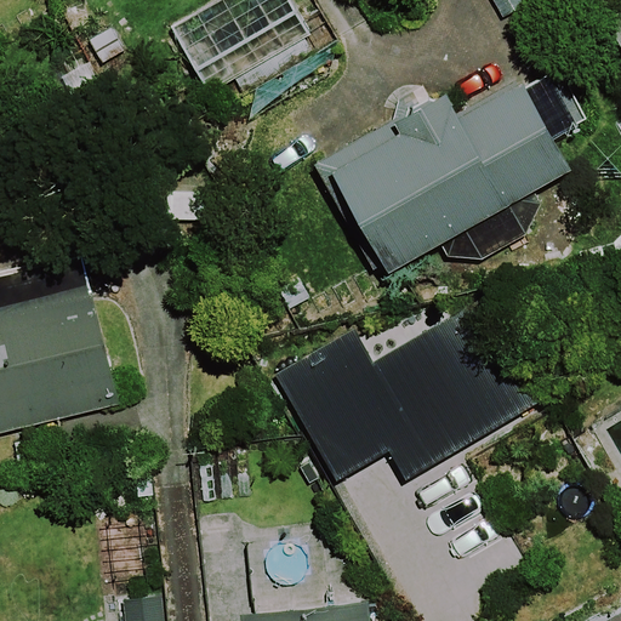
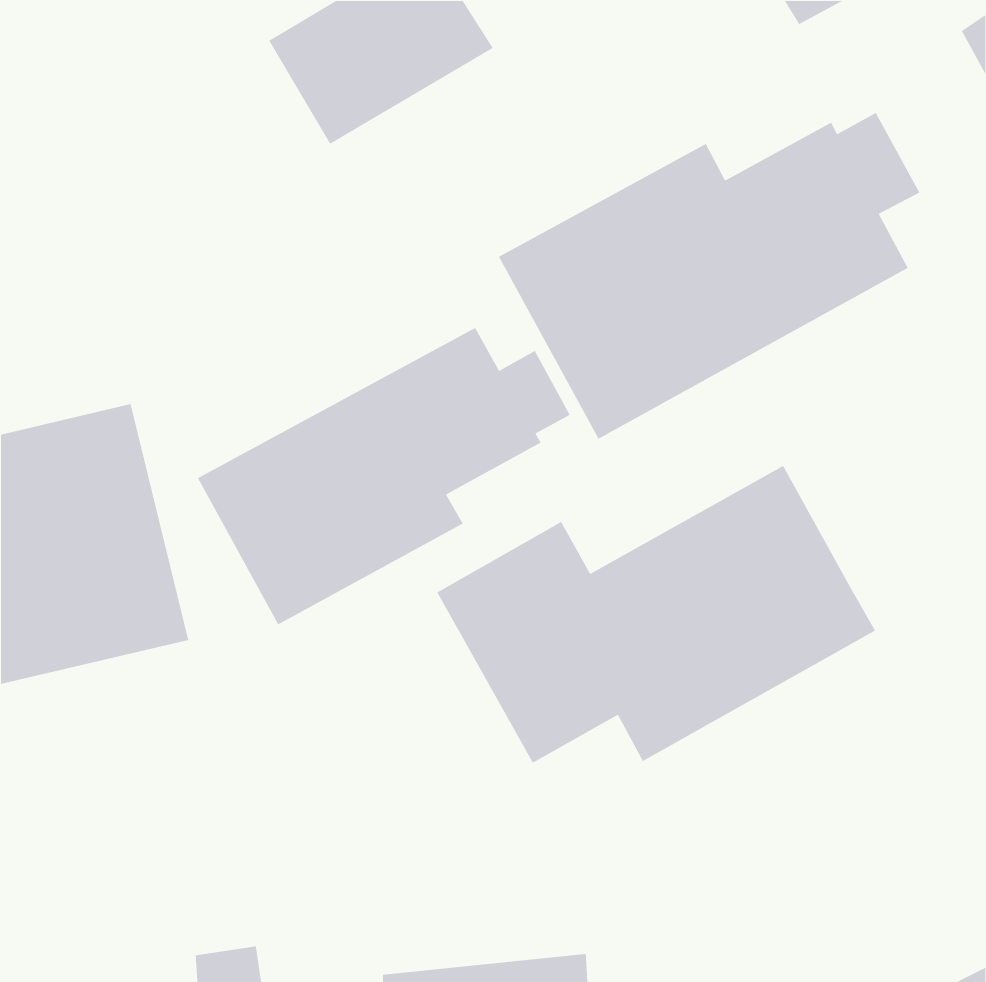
building: none -> [197,327,571,626]

